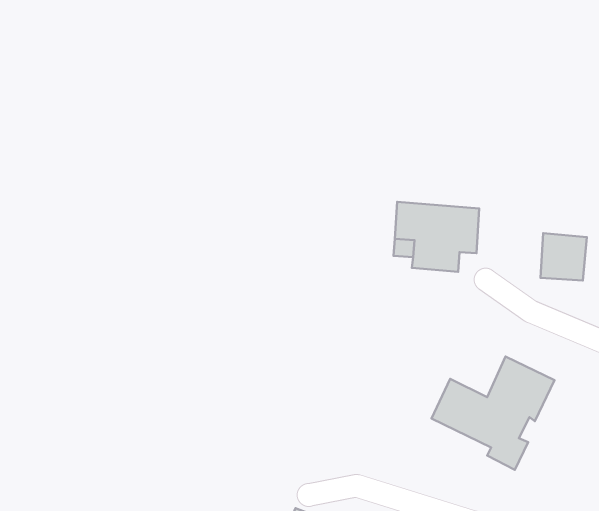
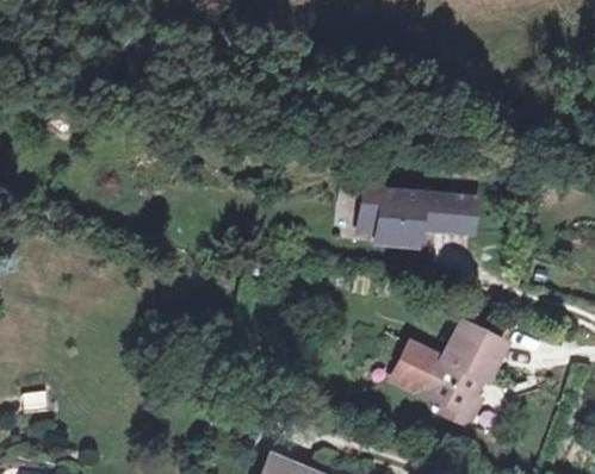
building: [541,233,587,281] -> [435,191,477,233]

